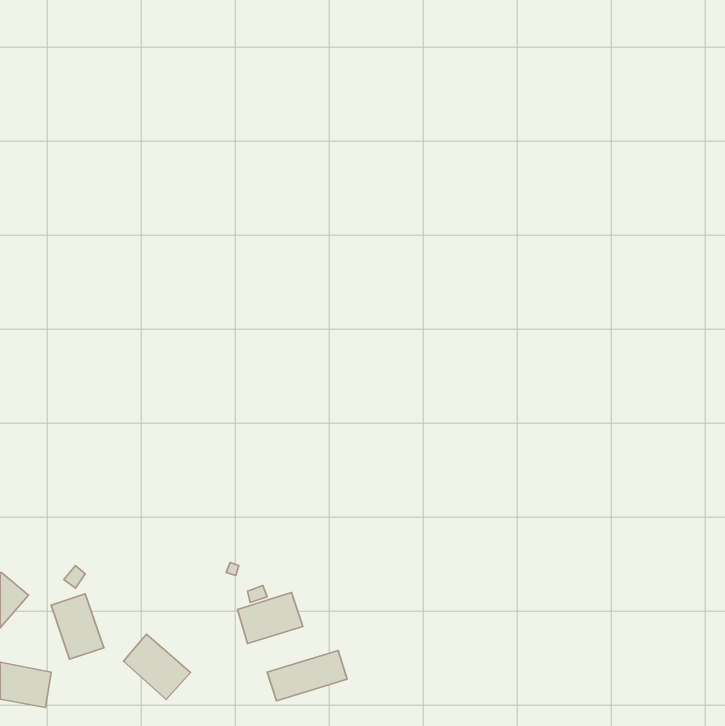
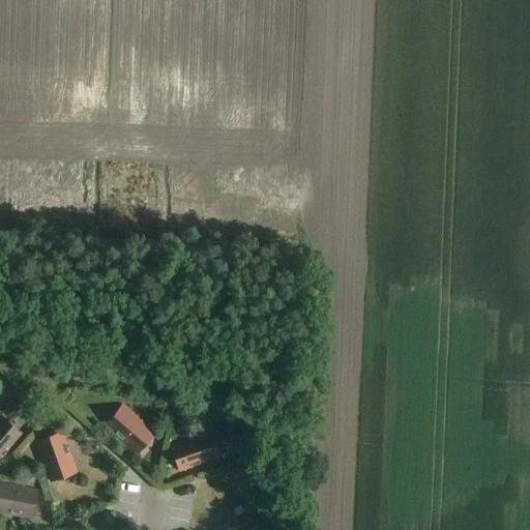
building: [124,634,190,700] -> [108,405,156,452]
building: [267,650,347,701] -> none

